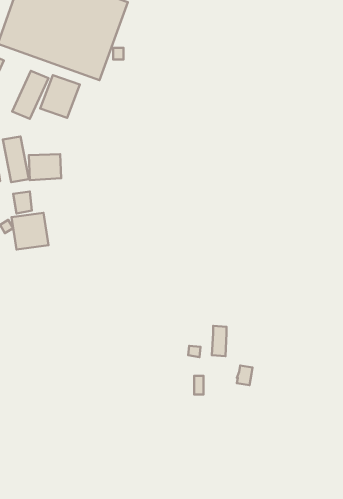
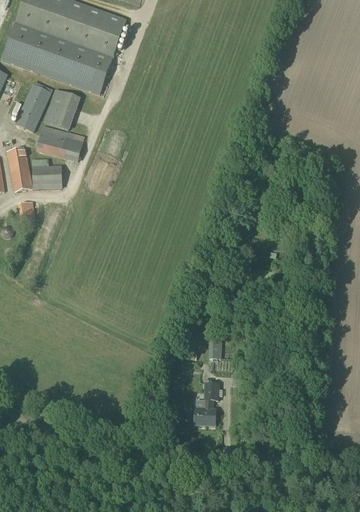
building: none -> [36,124,85,162]
building: [12,213,49,250] -> none
building: none -> [194,382,219,424]

